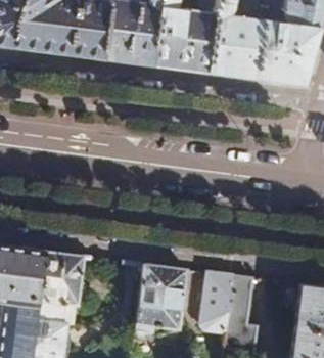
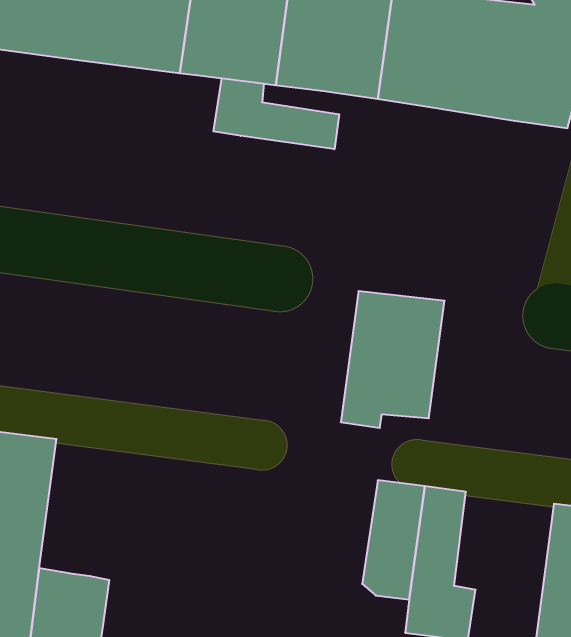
building: none -> [213,78,339,149]
building: [31,251,83,324] -> none
building: [132,264,186,335] -> [341,291,445,428]

